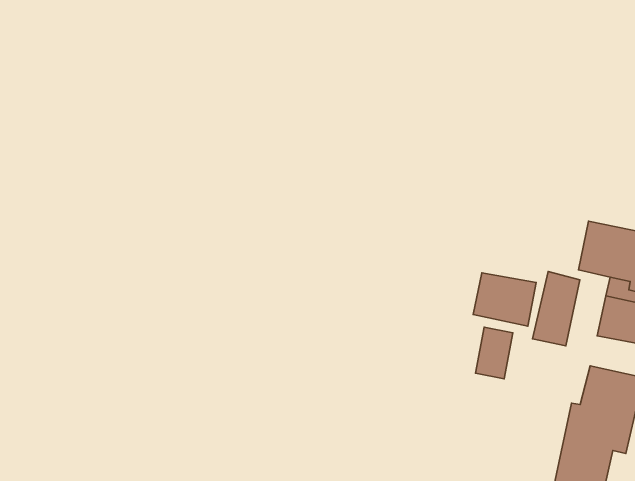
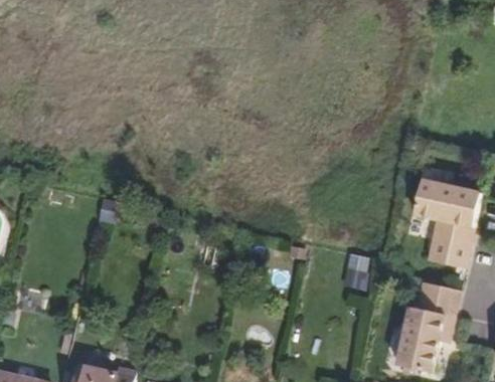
building: [533,272,580,346] -> none
building: [473,273,536,326] -> none

